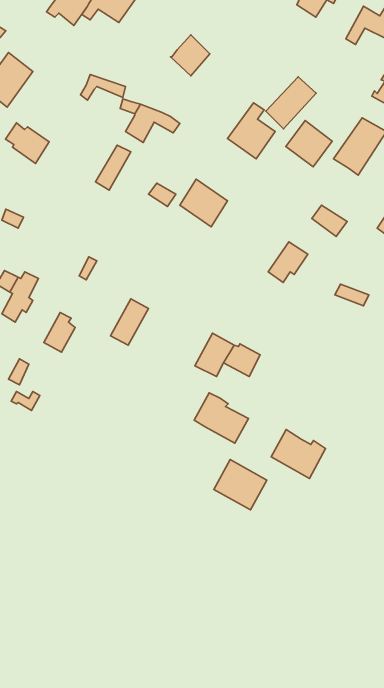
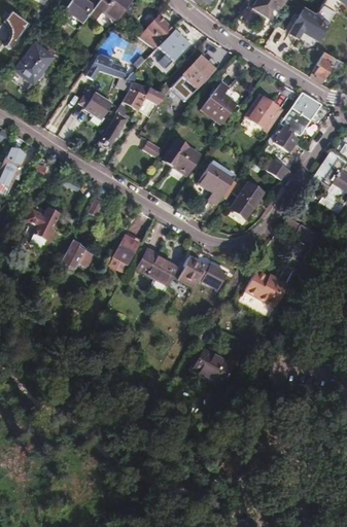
building: none -> [139,16,173,48]
building: [266,77,316,129] -> [176,57,214,96]
building: [6,123,49,164] -> [79,91,112,121]
building: none -> [269,124,297,151]
building: none -> [199,161,236,205]
building: [194,393,249,443] -> [137,247,178,285]
building: [271,430,326,479] -> [246,271,287,308]

